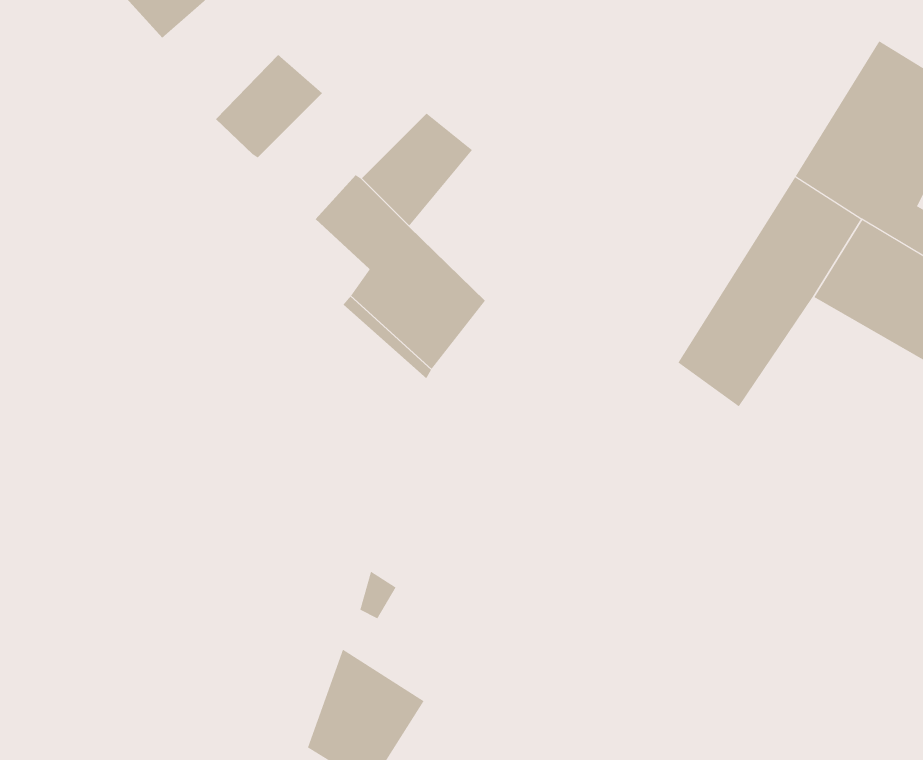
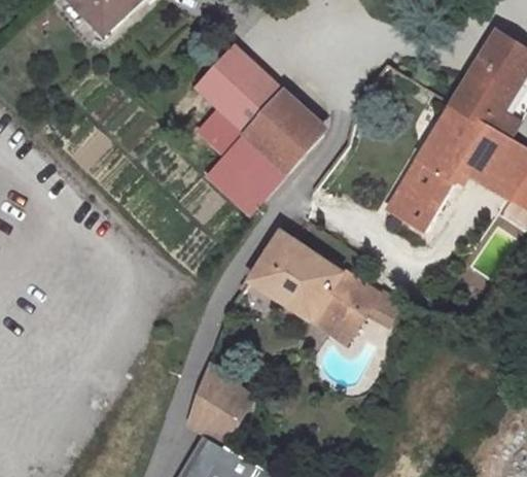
building: [215,54,323,158] -> [191,48,251,106]
building: none -> [242,91,322,174]
building: none -> [245,231,393,342]

